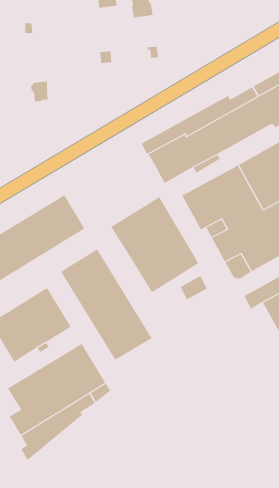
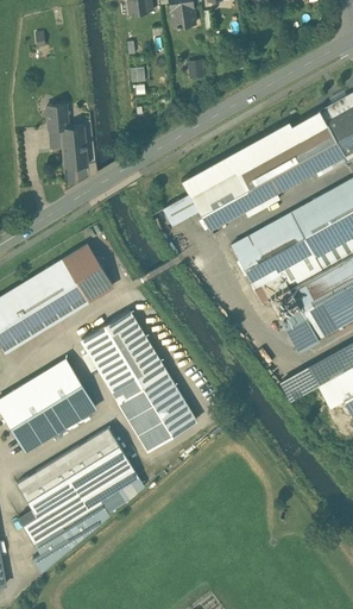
building: none -> [59,127,88,169]
building: none -> [163,195,198,227]
building: [110,196,199,293] -> none
building: [180,275,208,300] -> [282,370,316,401]

